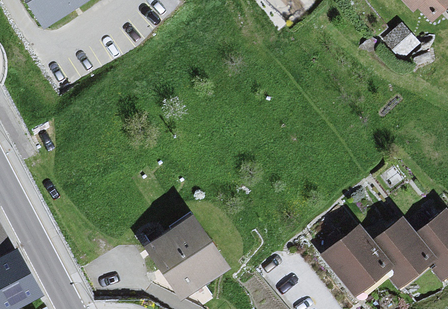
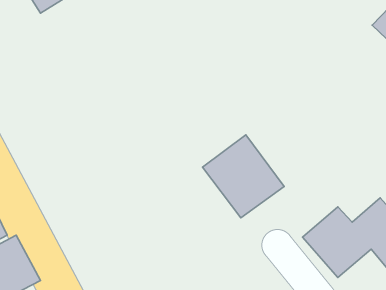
building: [138,217,219,299] -> [202,135,284,218]

